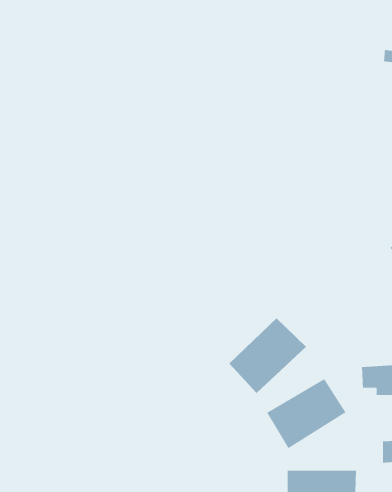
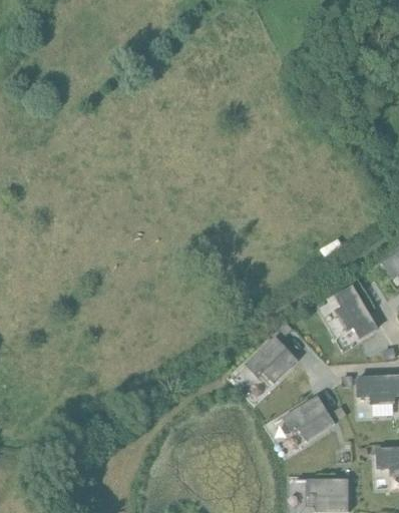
building: none -> [335,287,379,341]

